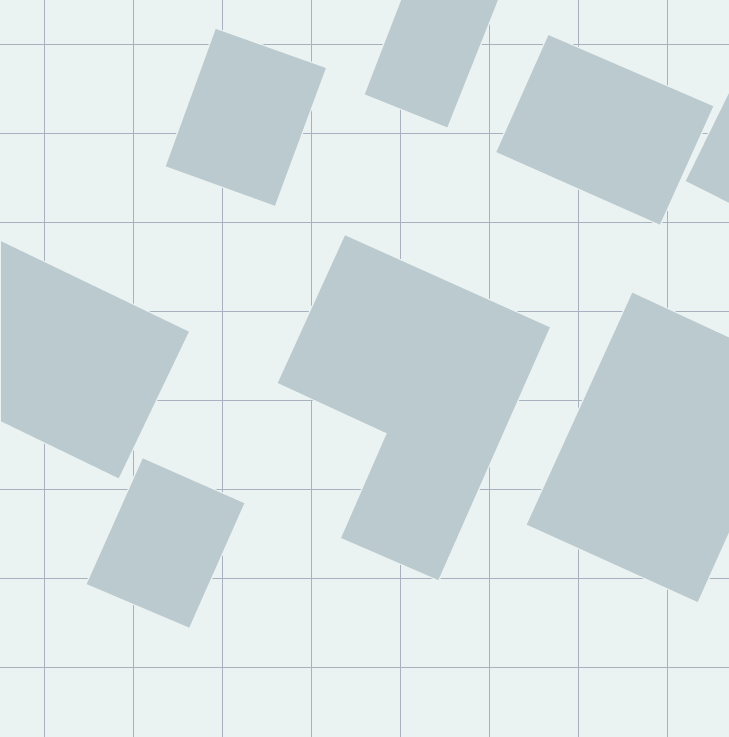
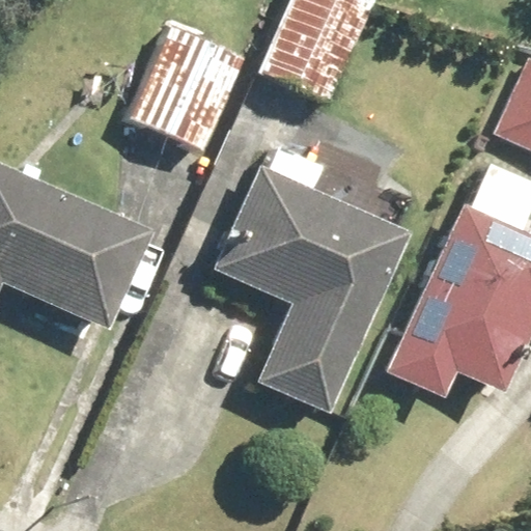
building: [495,34,714,225] -> none
building: [86,457,245,629] -> none

